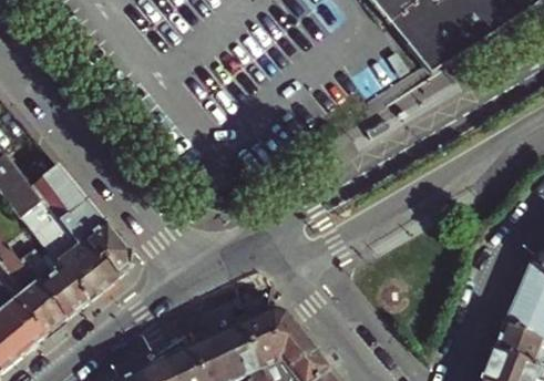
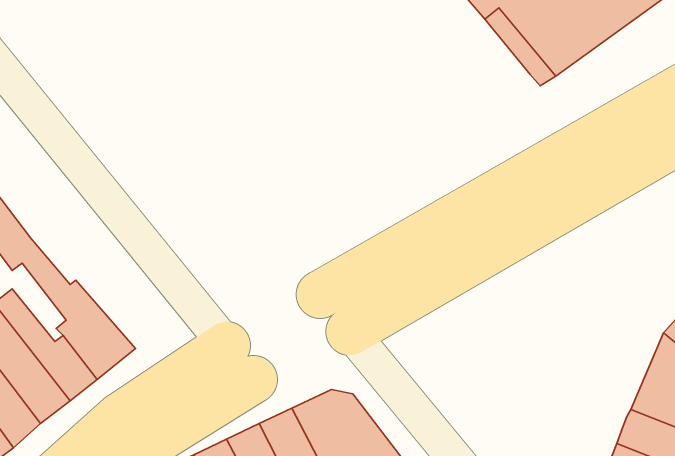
building: [34,168,129,277] -> none

